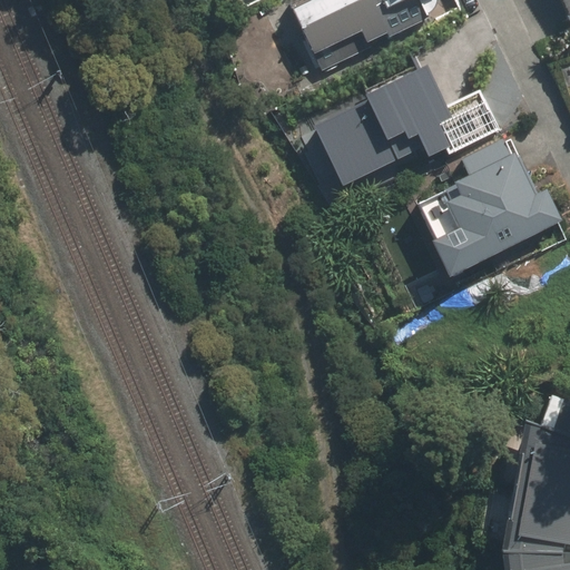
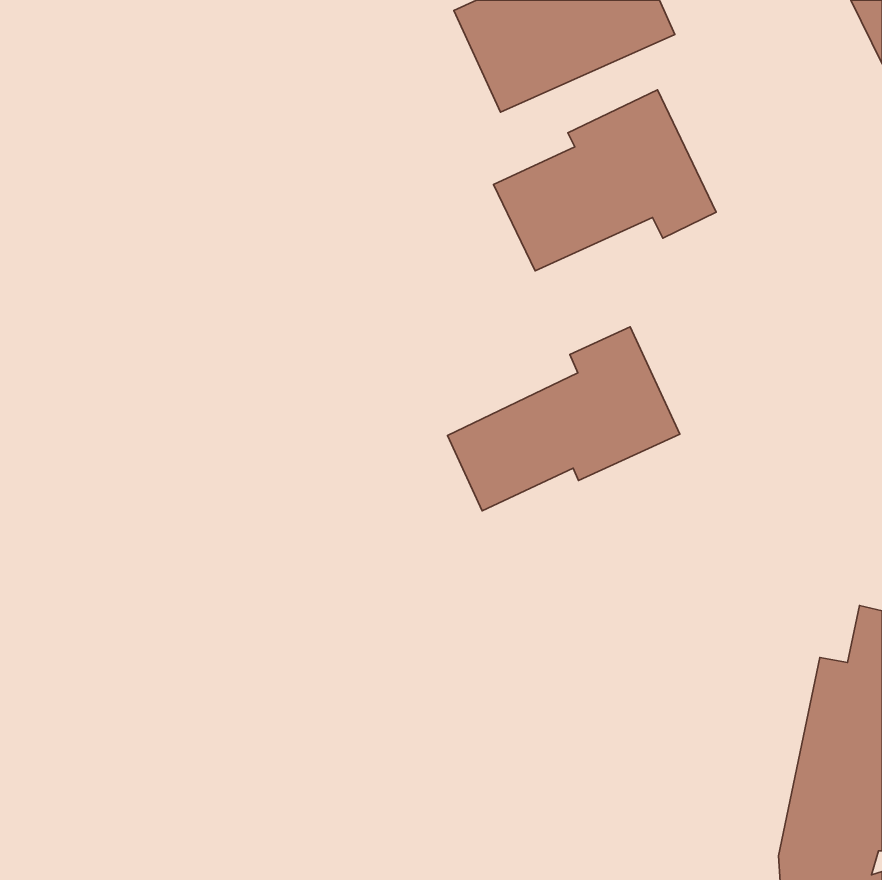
building: [430,134,561,276] -> none
building: none -> [447,327,680,511]

